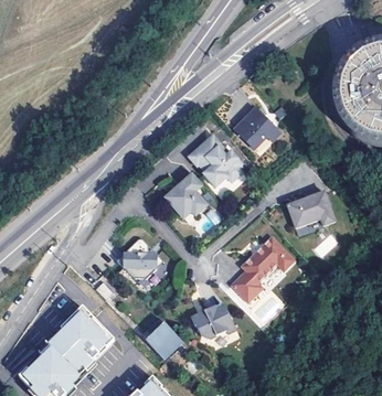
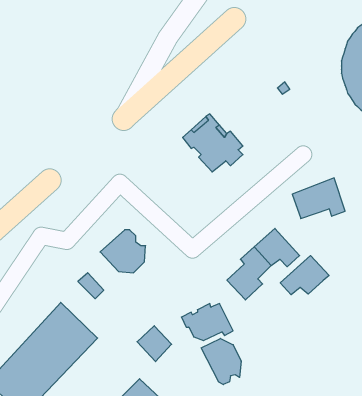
building: [234,104,282,147] -> none
building: [166,174,209,220] -> none
building: none -> [280,256,329,295]
building: none -> [201,338,241,385]

